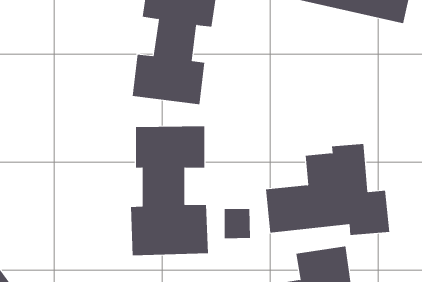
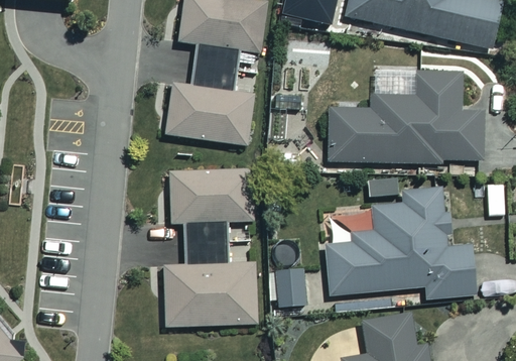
building: none -> [329,70,481,164]

